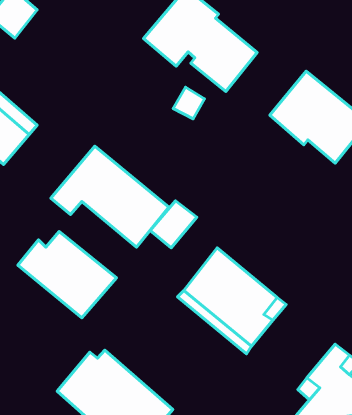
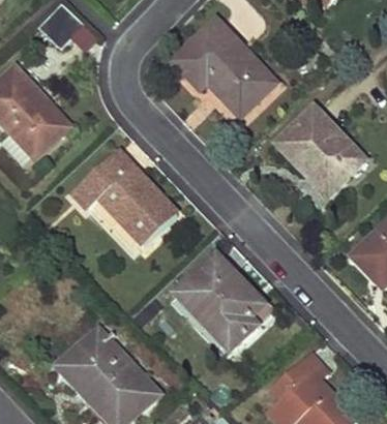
building: [150,201,197,248] -> none
building: [18,231,116,318] -> none

